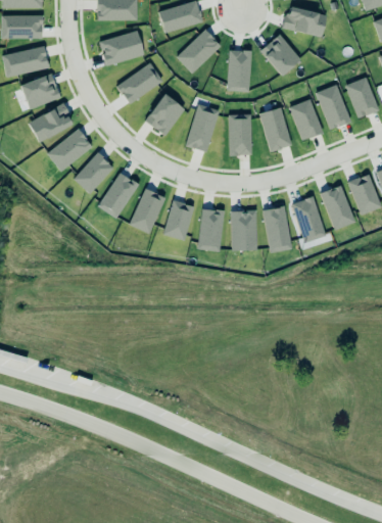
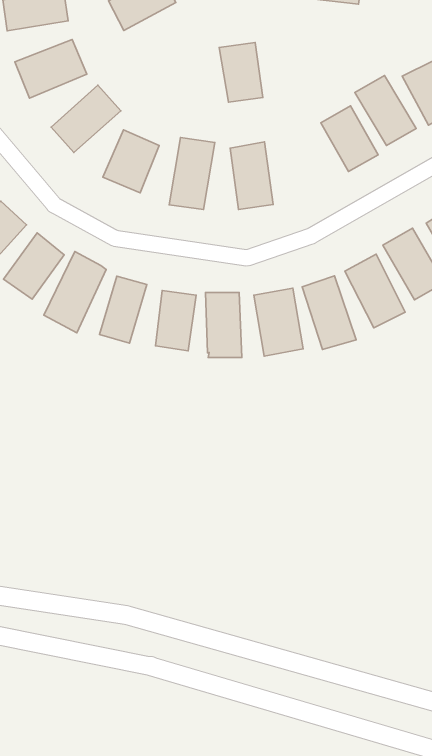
building: [180,30,223,73] -> none
building: [262,31,300,69] -> none
building: [259,107,291,152] -> none

